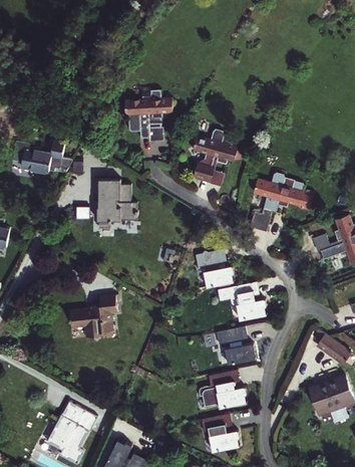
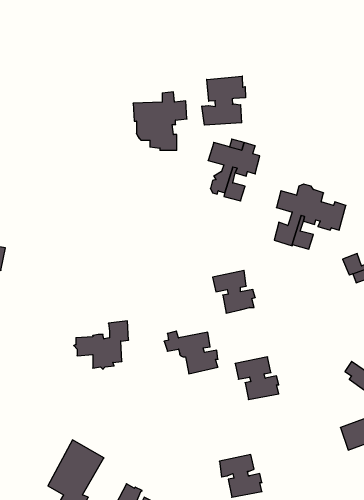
building: none -> [202,76,245,125]
building: [13,141,73,175] -> none
building: [95,179,132,221] -> none
building: [218,282,266,320] -> [164,331,218,374]
building: [209,371,247,410] -> none

